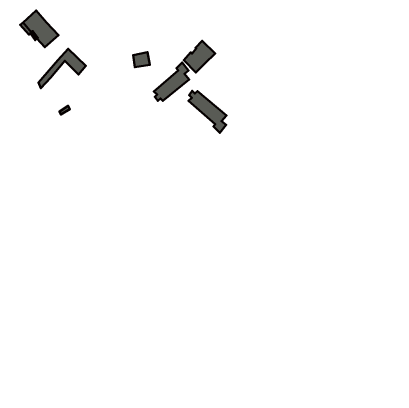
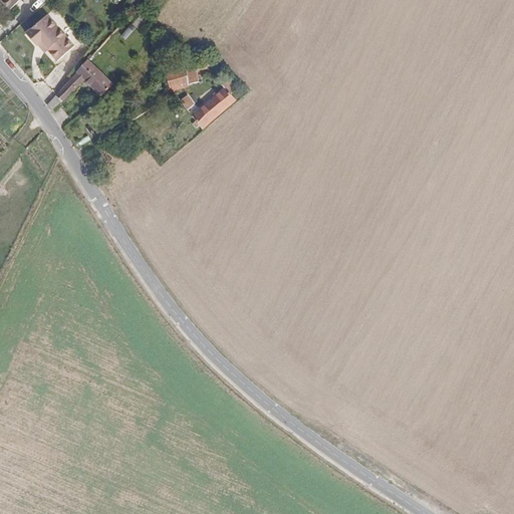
building: [184,41,215,73] -> none
building: [189,91,226,133] -> none

